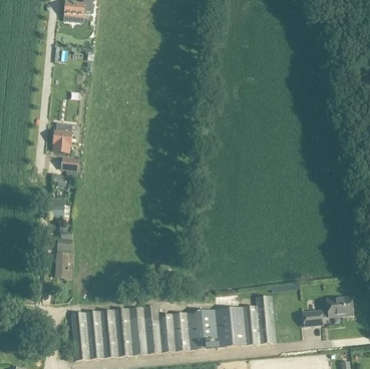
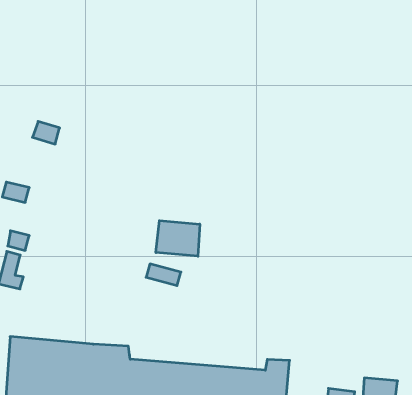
building: [53,125,71,152] -> none
building: none -> [156,221,200,256]

